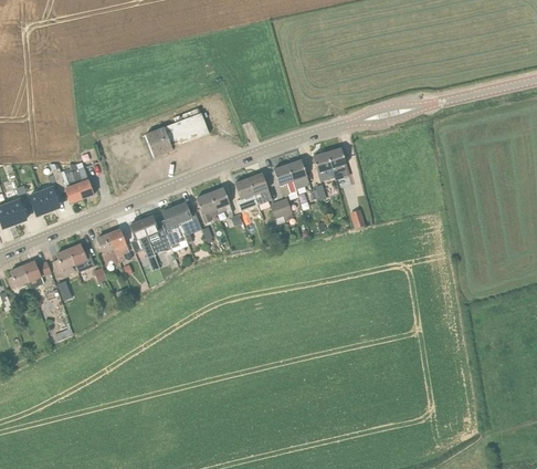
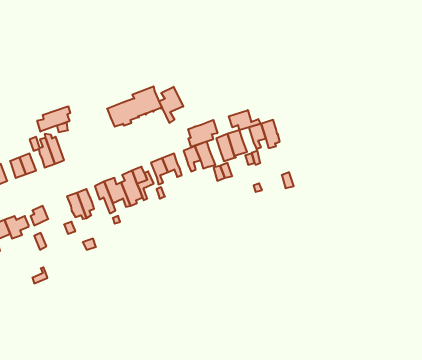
building: none -> [159,87,183,123]
building: none -> [37,106,70,132]
building: none -> [229,110,260,130]
building: none -> [188,120,217,147]
building: [67,243,94,273] -> none

